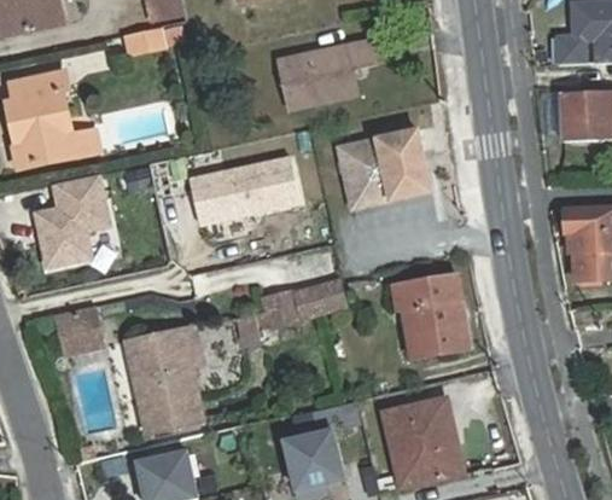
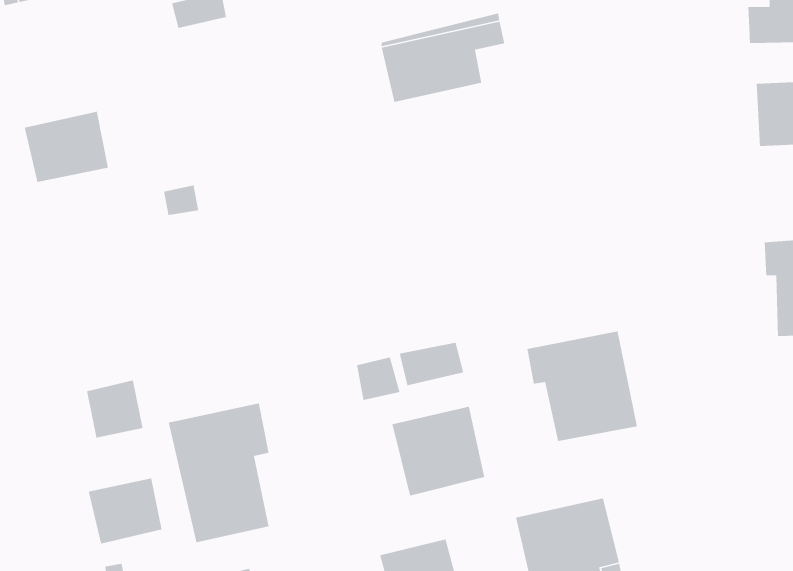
building: [13,71,72,124] -> none
building: [340,133,425,207] -> none
building: [187,155,301,228] -> none
building: [29,173,110,271] -> none
building: none -> [392,406,485,497]
building: none -> [88,477,163,544]

